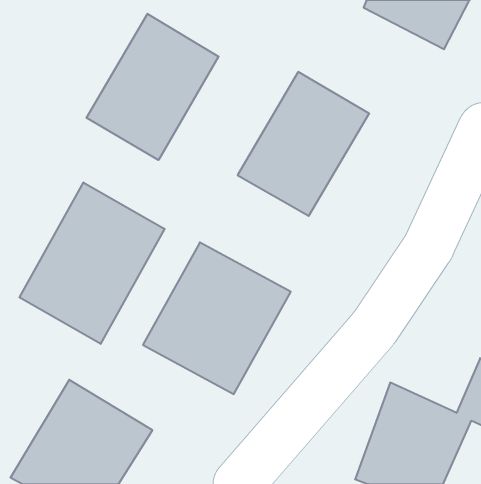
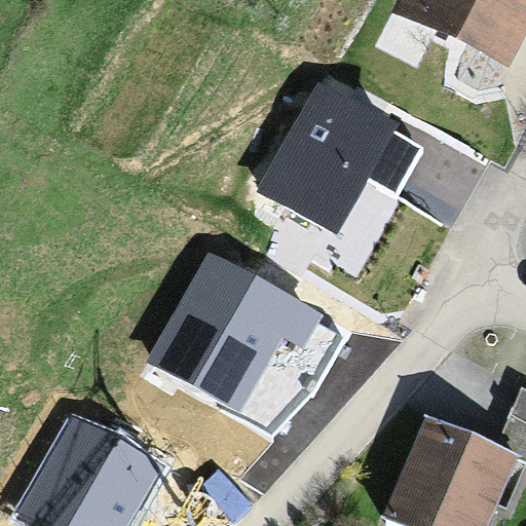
building: [86,14,219,160] -> none
building: [20,182,165,344] -> none

